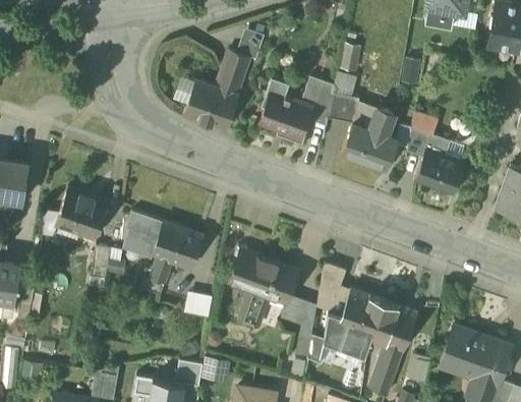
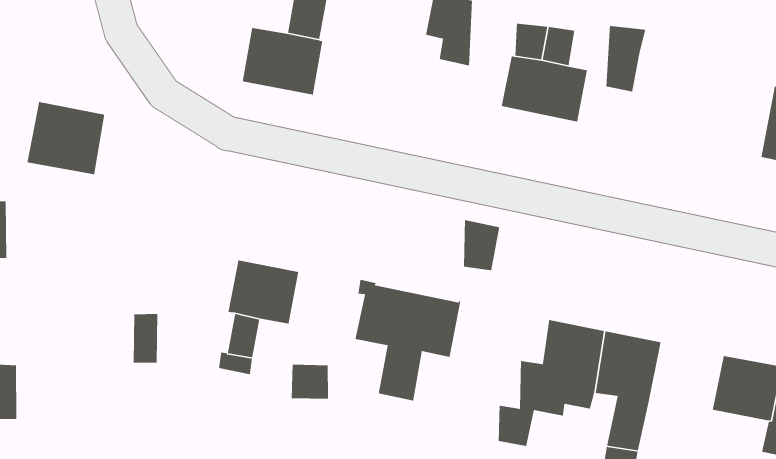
building: [259,92,311,138] -> none
building: [330,95,359,124] -> none
building: [415,134,464,194] -> none
building: [55,188,108,239] -> [26,101,105,175]
building: [124,212,165,254] -> none
building: [320,263,346,297] -> [463,219,500,271]
building: [281,295,316,329] -> none

